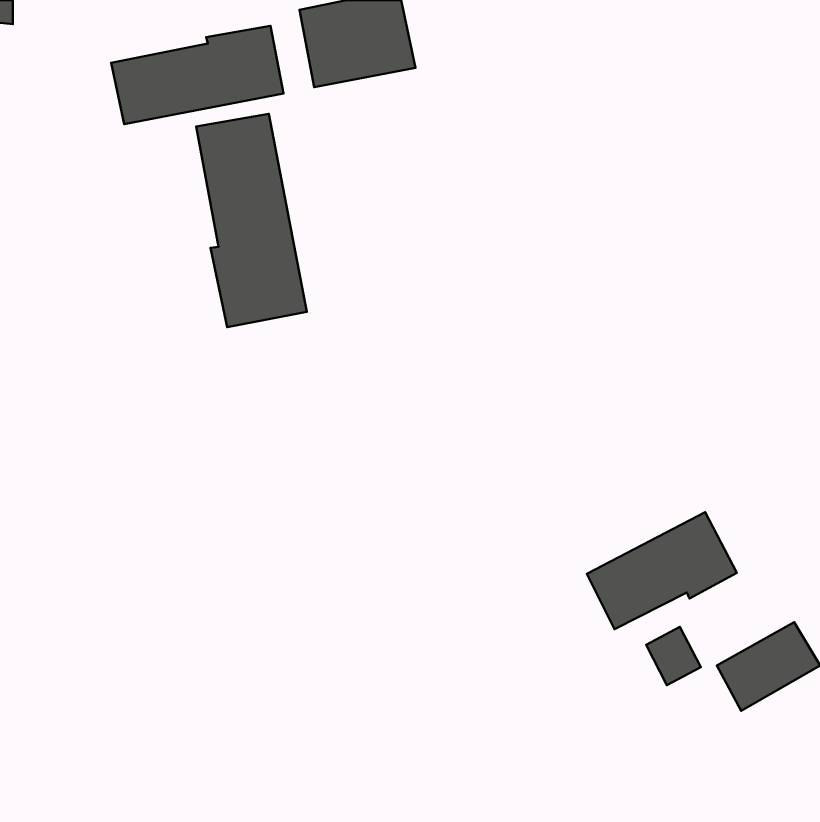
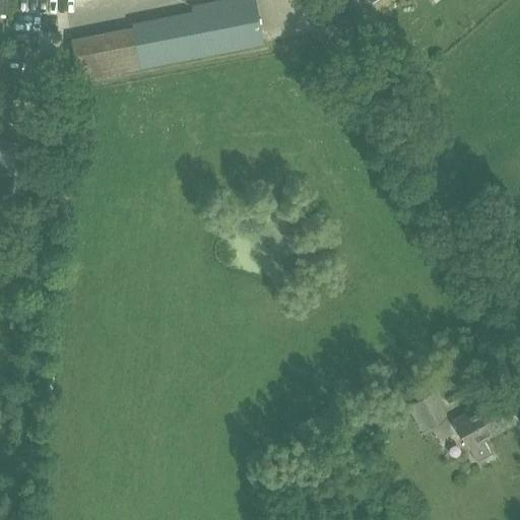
building: [196,114,307,327] -> none
building: [587,512,737,629] -> none

